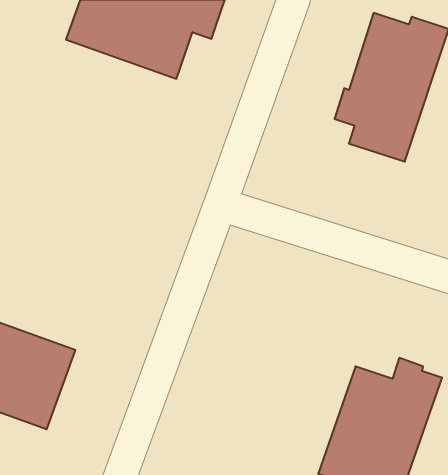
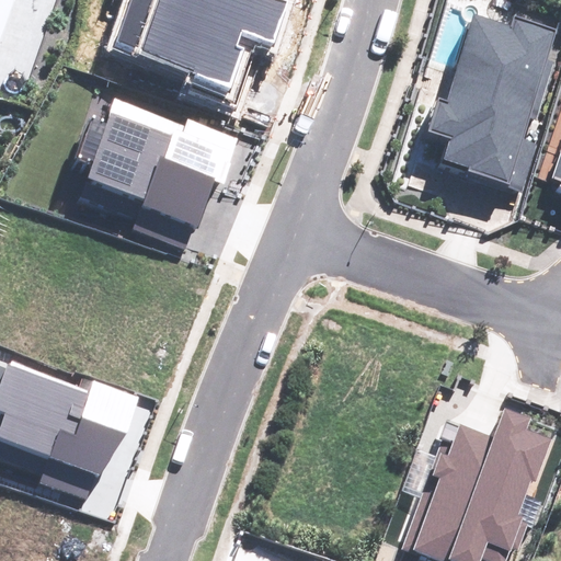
building: none -> [80,95,230,247]

